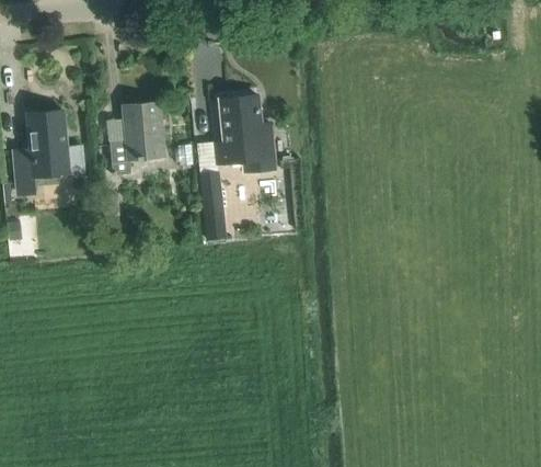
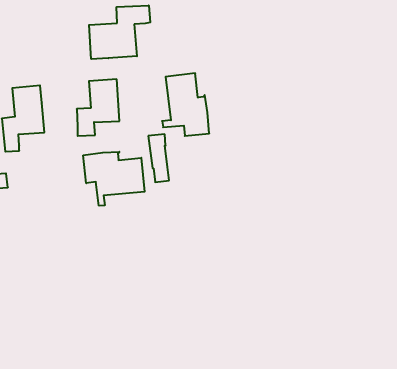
building: none -> [89,5,150,59]
building: none -> [83,152,145,206]

